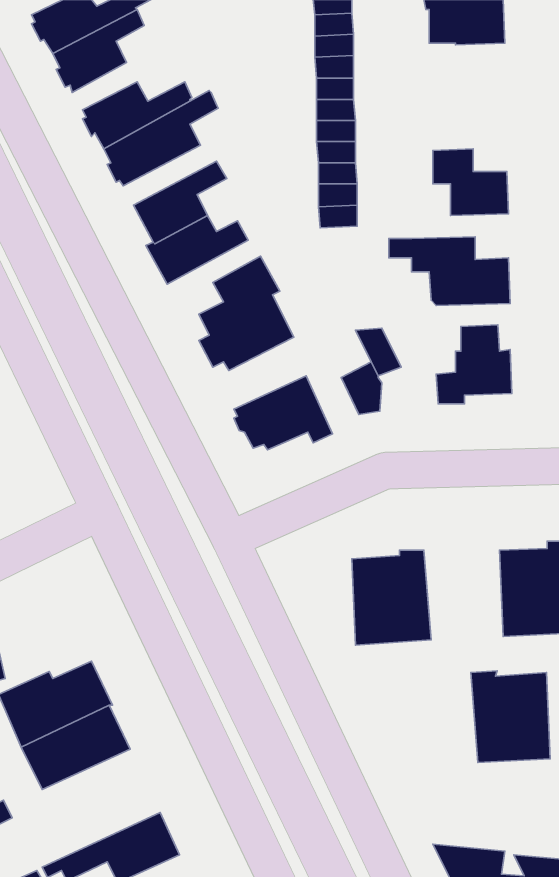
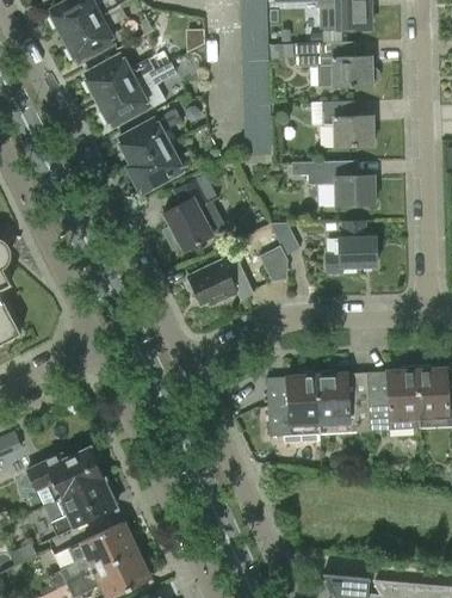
building: none -> [293,43,379,88]
building: [471,671,550,762] -> [315,372,369,434]
building: none -> [50,523,136,588]

